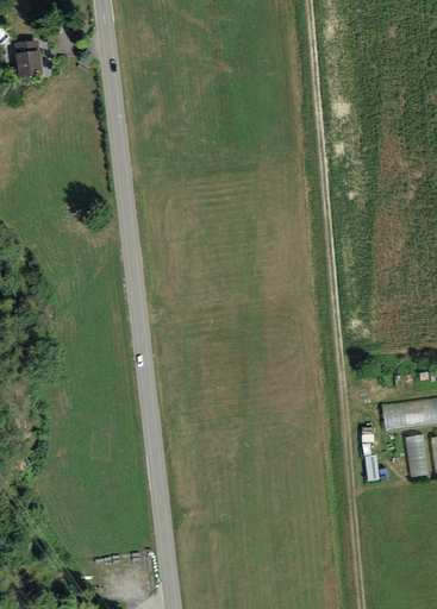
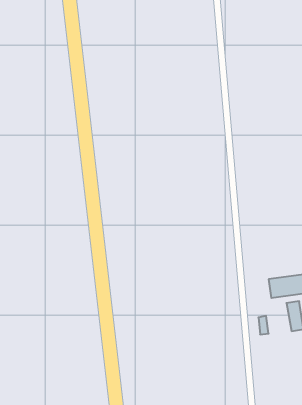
building: [13,42,42,82] -> none

